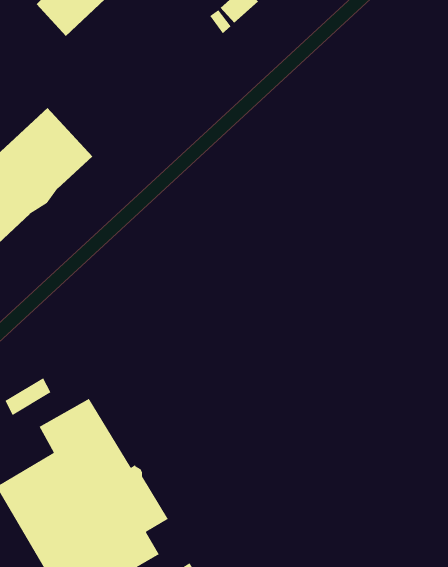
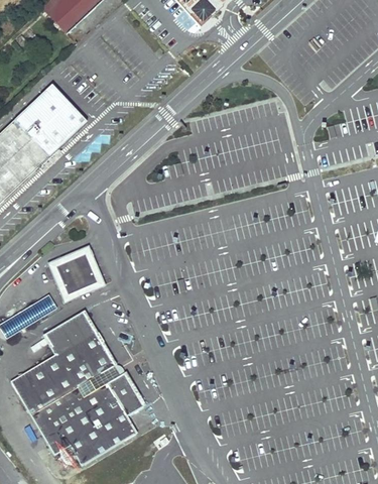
building: none -> [53,251,98,295]

